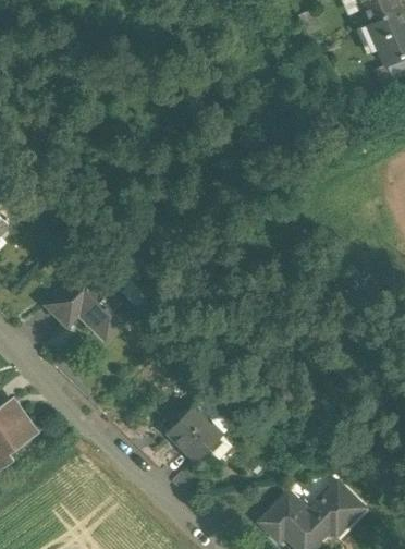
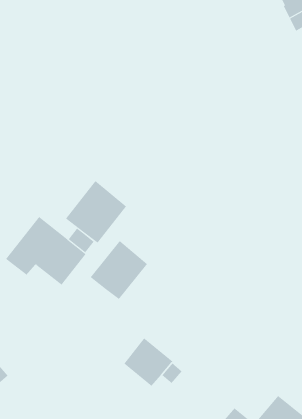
building: none -> [65,180,127,243]
building: none -> [90,240,148,300]

